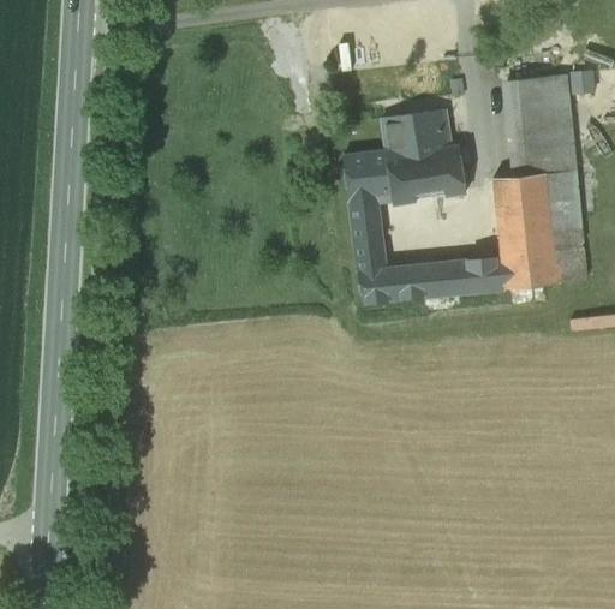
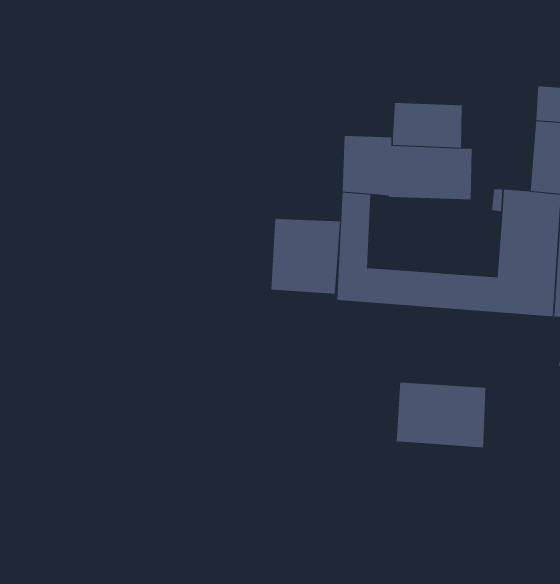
building: none -> [271,218,340,295]
building: none -> [396,382,486,448]

